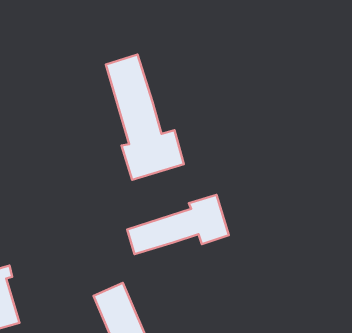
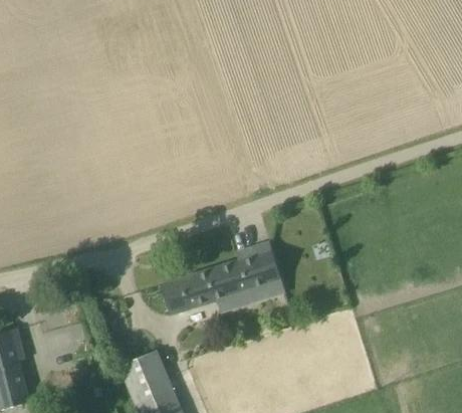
building: [106,55,184,180] -> none

